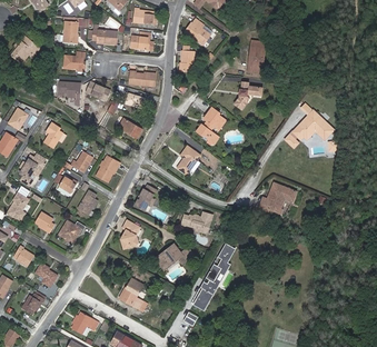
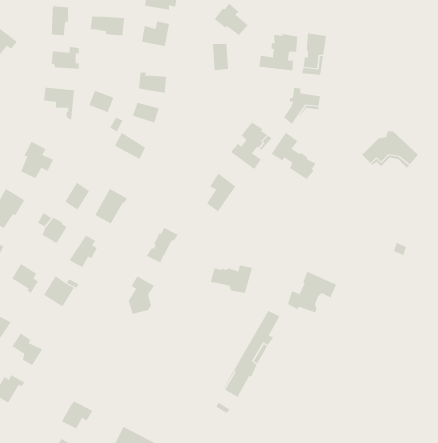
building: none -> [259,33,298,71]
building: none -> [271,132,316,180]
building: [258,182,295,214] -> [287,271,337,313]
building: [155,244,194,270] -> none
building: [117,277,147,313] -> none

